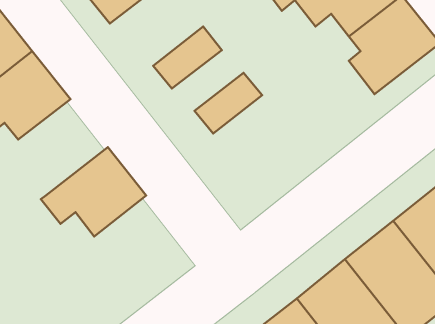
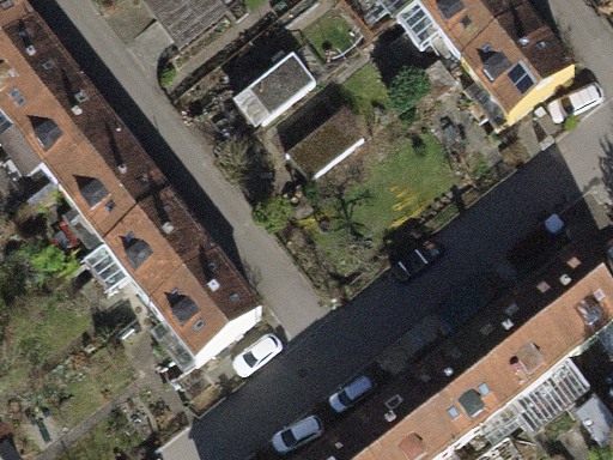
building: none -> [68,139,177,256]
building: none -> [160,256,271,374]

